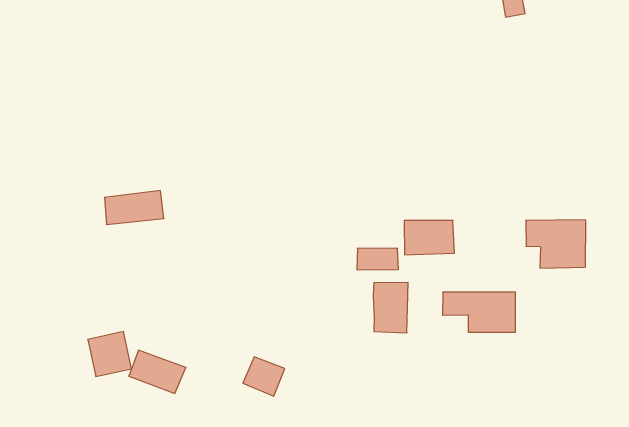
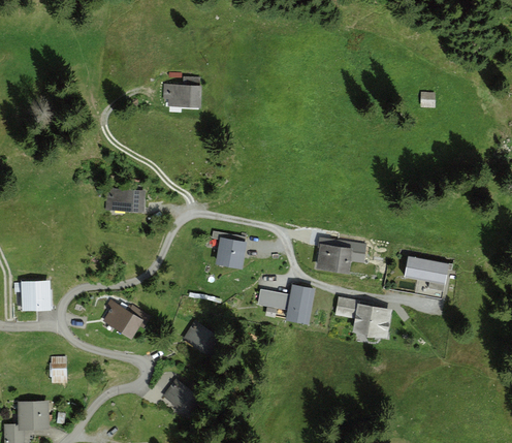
building: none -> [164,86,201,110]
building: none -> [217,236,249,266]
building: [357,248,398,270] -> [257,287,289,308]
building: [88,332,132,377] -> [19,281,46,310]

